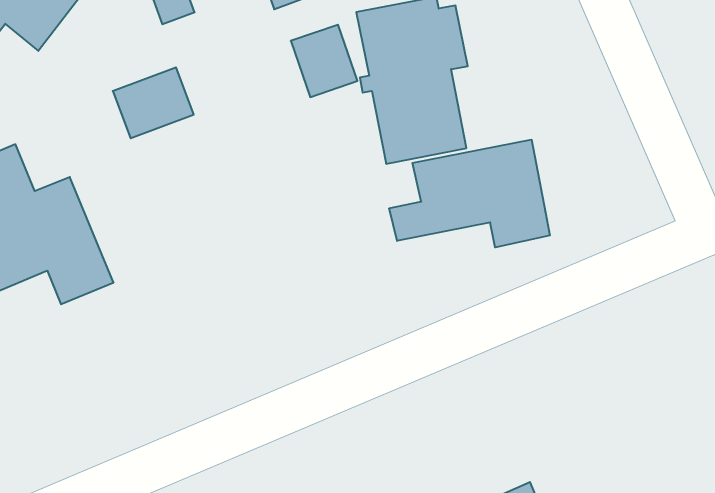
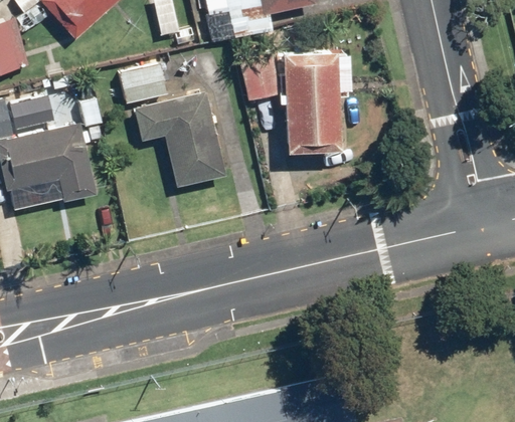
building: none -> [134,94,225,189]
building: [389,140,550,247] -> none

